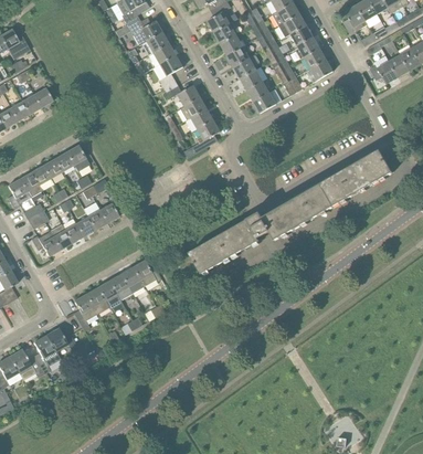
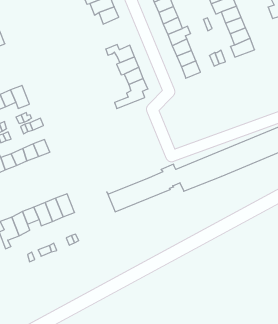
building: [160,54,183,92] -> none

